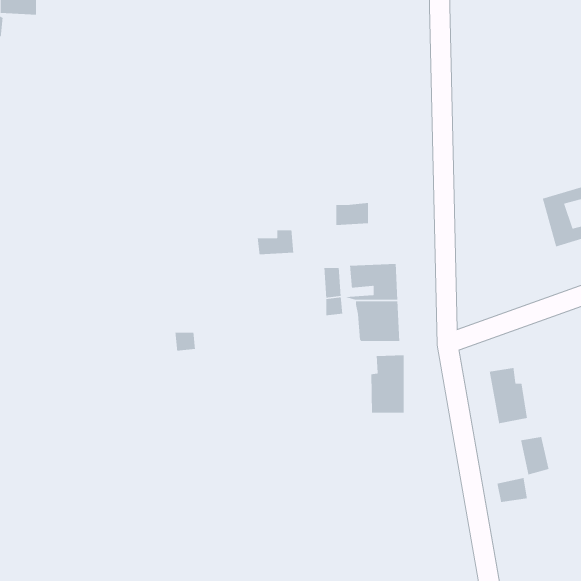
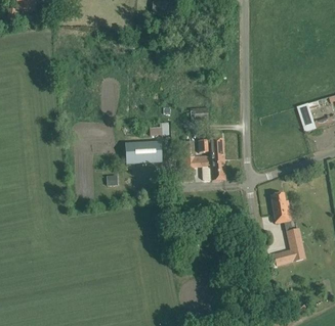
building: none -> [125,141,162,164]
building: [371,355,404,414] -> none

